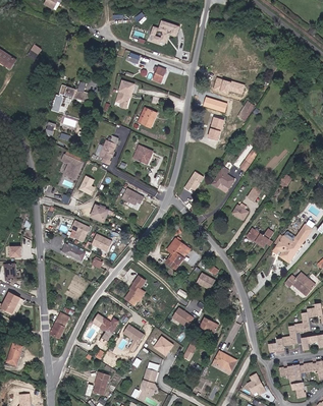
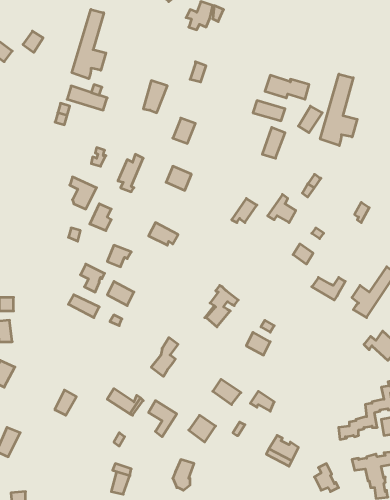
building: none -> [72,9,106,79]
building: none -> [320,74,357,146]

